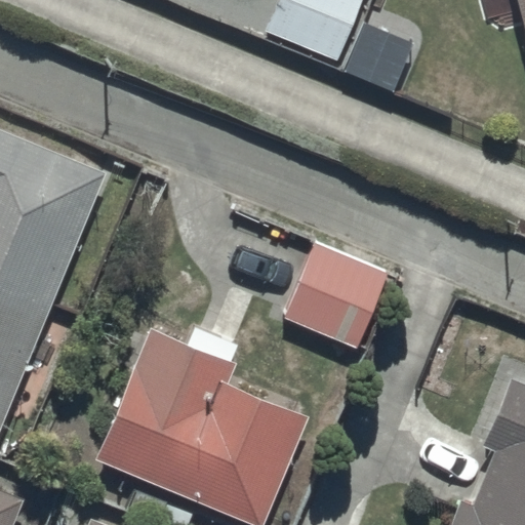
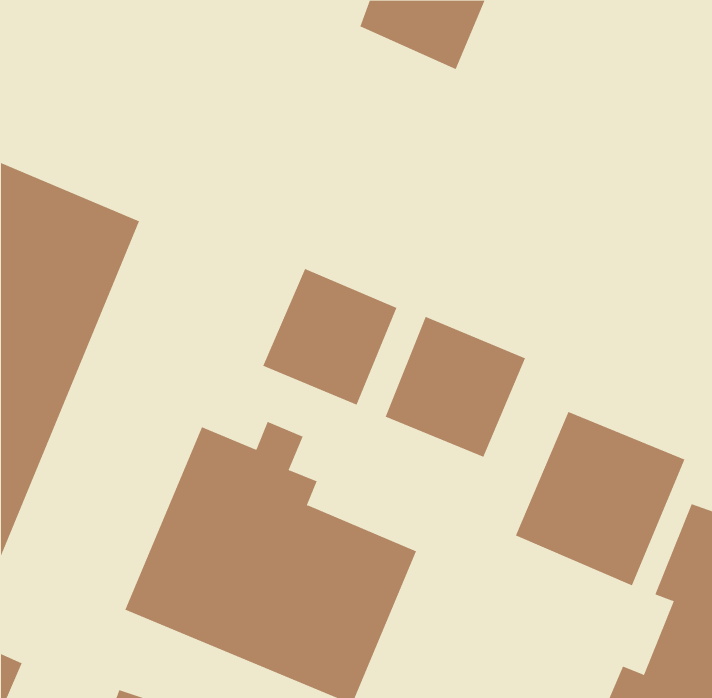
building: none -> [263,268,397,406]
building: none -> [515,411,685,586]

